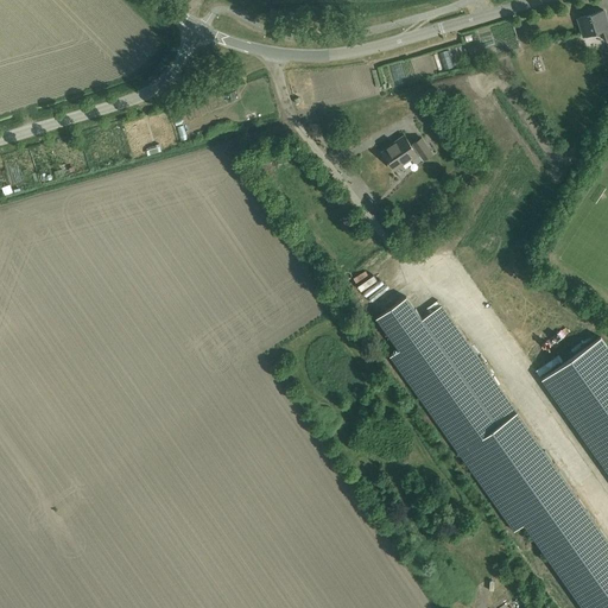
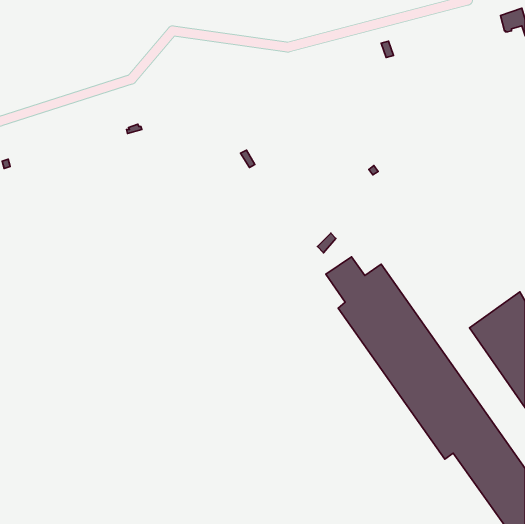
building: [381,137,432,171] -> none

